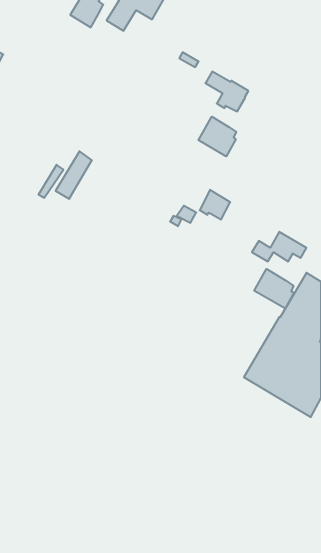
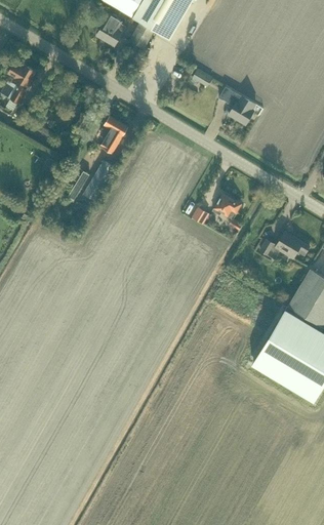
building: none -> [100,117,128,154]
building: [199,117,236,156] -> none
building: [254,269,294,309] -> none

